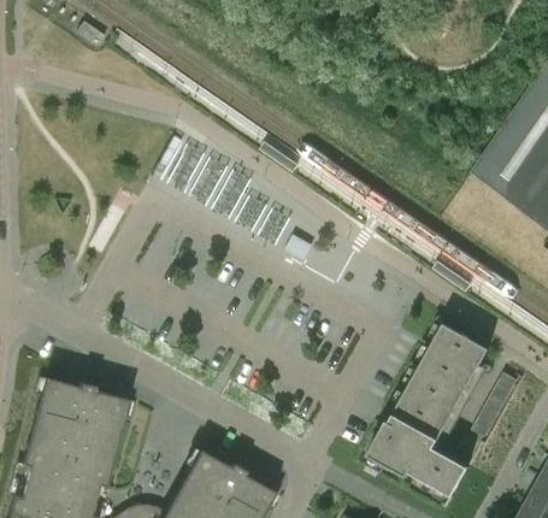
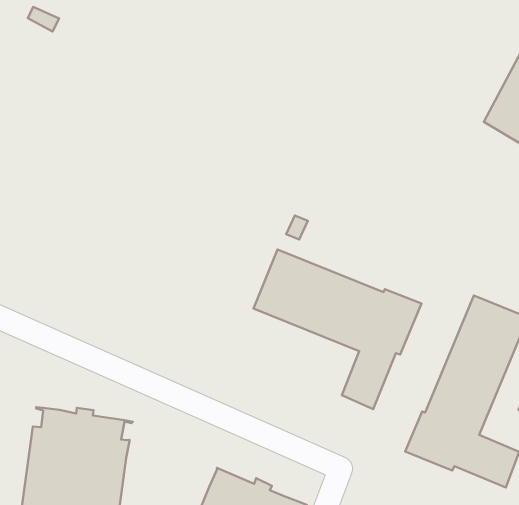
building: none -> [253,250,421,409]

